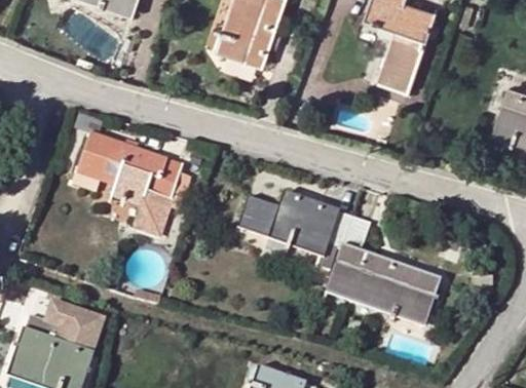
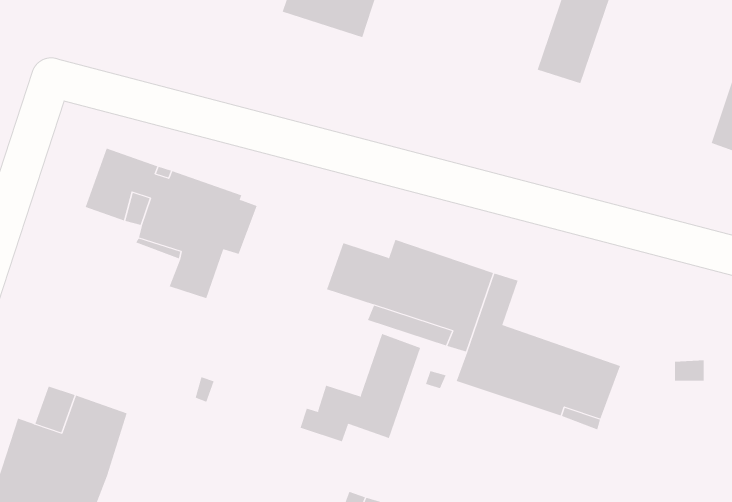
building: none -> [300,333,421,442]

